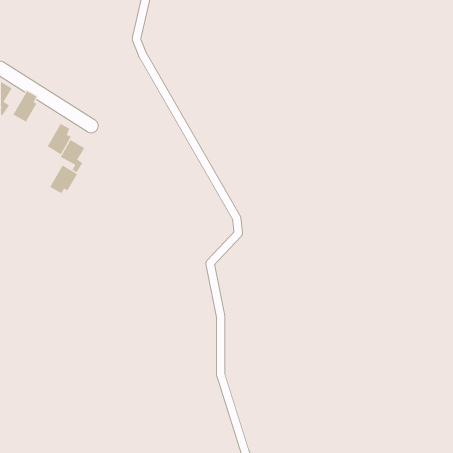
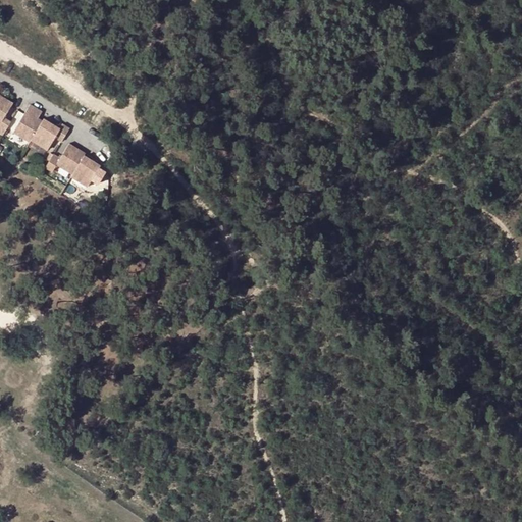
building: none -> [32,118,70,148]
building: [50,165,78,194] -> none

